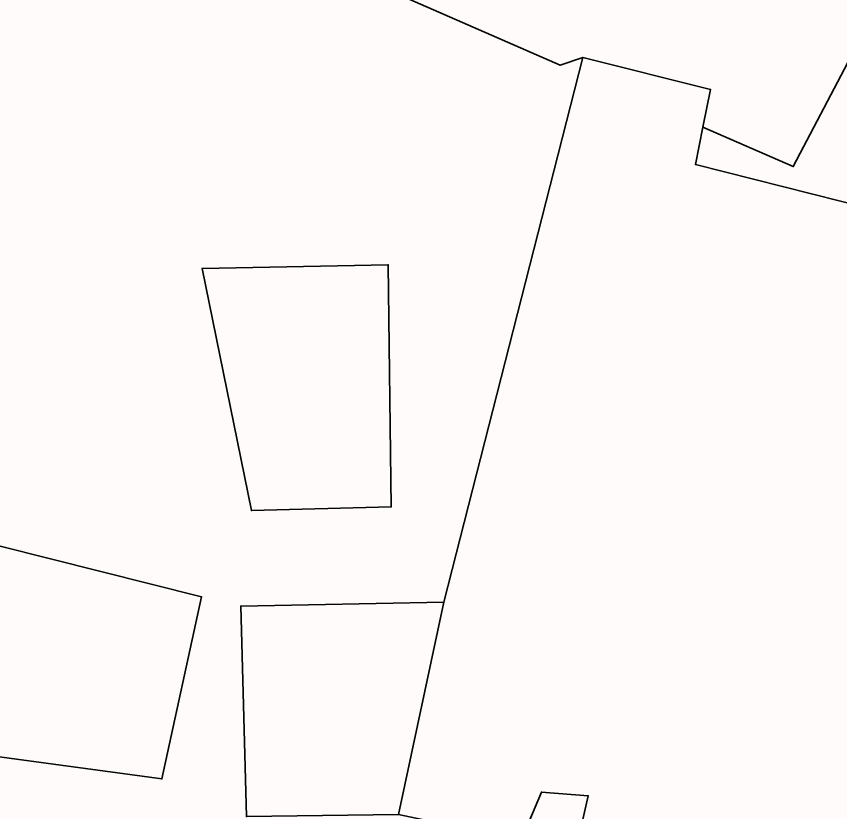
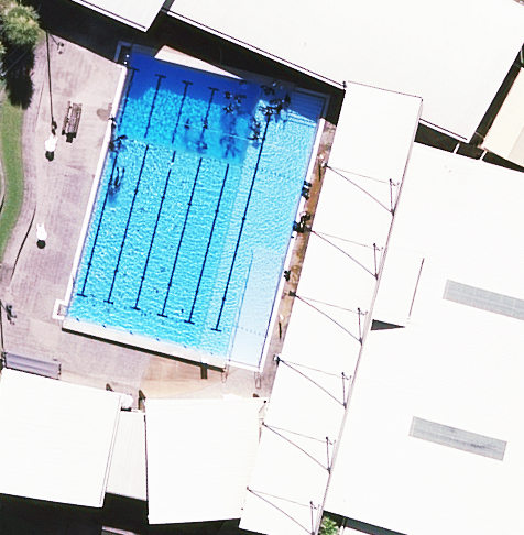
building: [202,265,391,510] -> none

